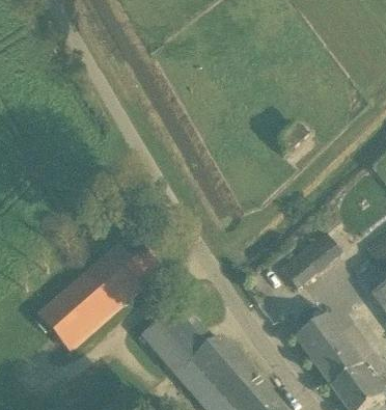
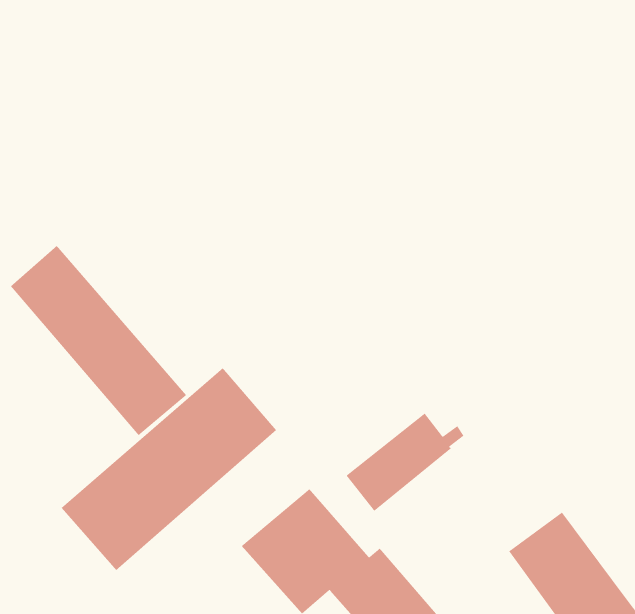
building: none -> [10,245,187,436]
building: [282,229,351,286] -> [345,412,465,512]

